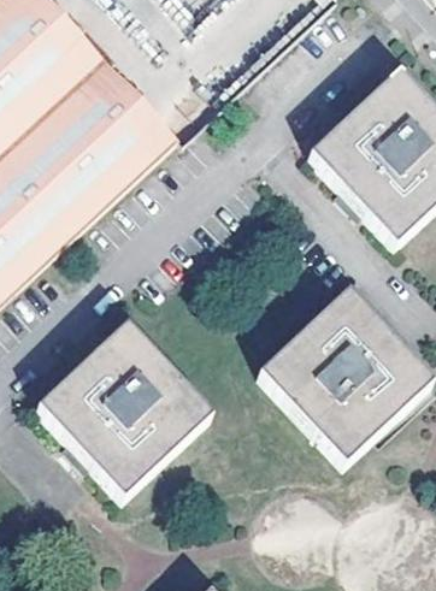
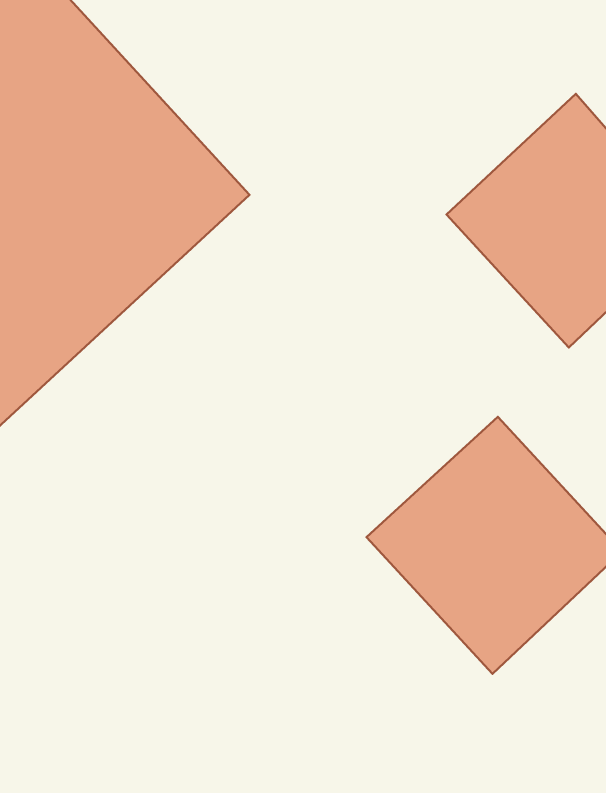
building: [33,327,205,501] -> none

